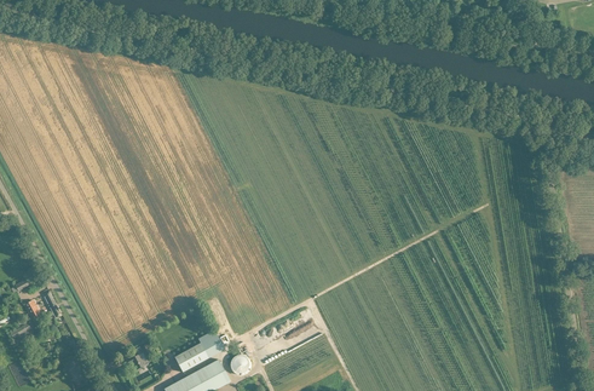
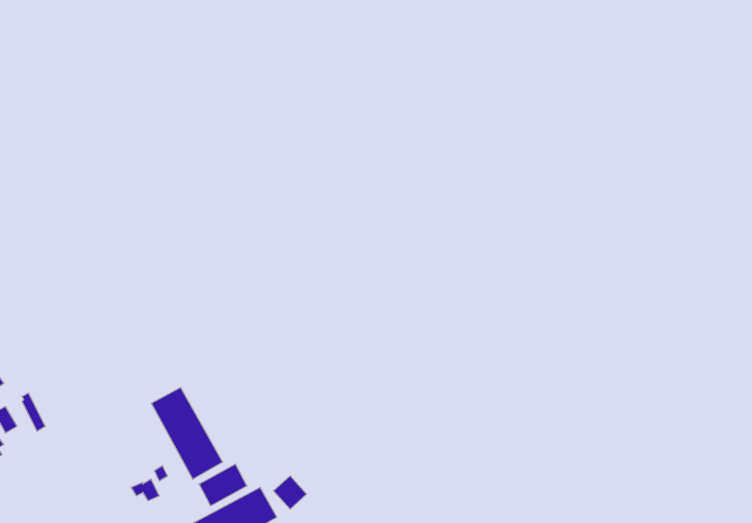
building: none -> [152,388,223,479]

